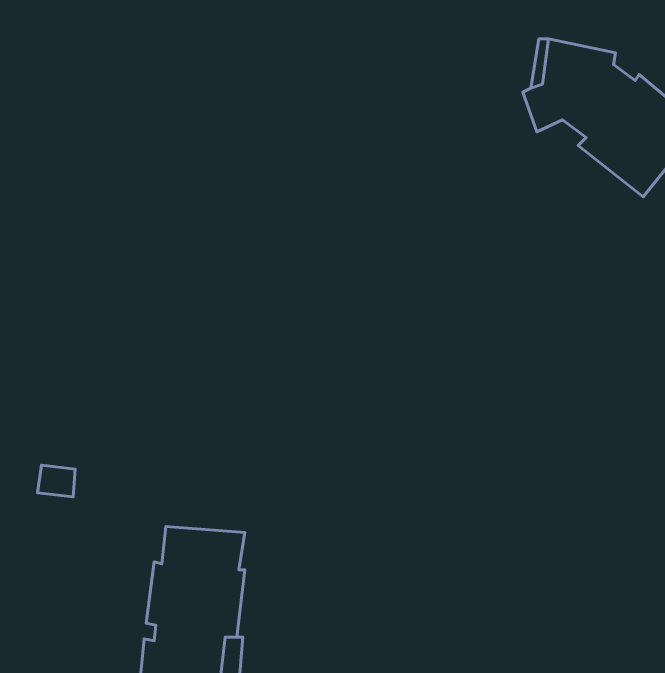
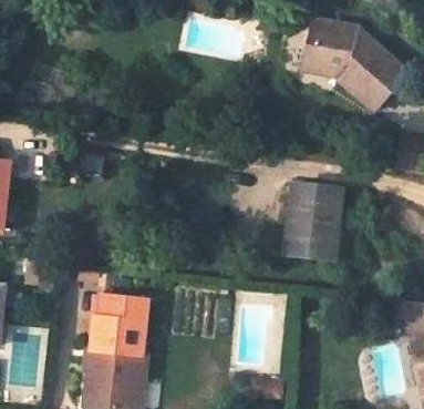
building: none -> [292,186,343,262]

